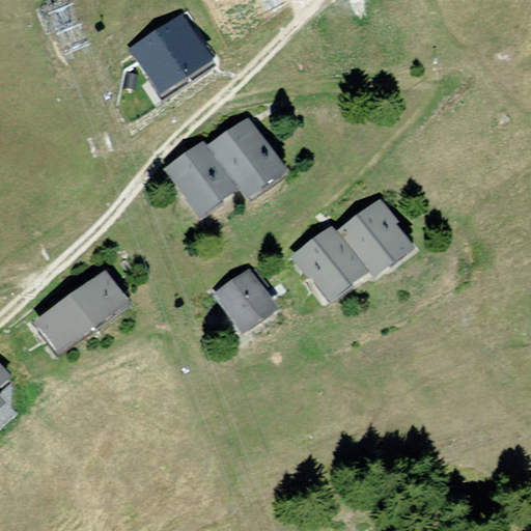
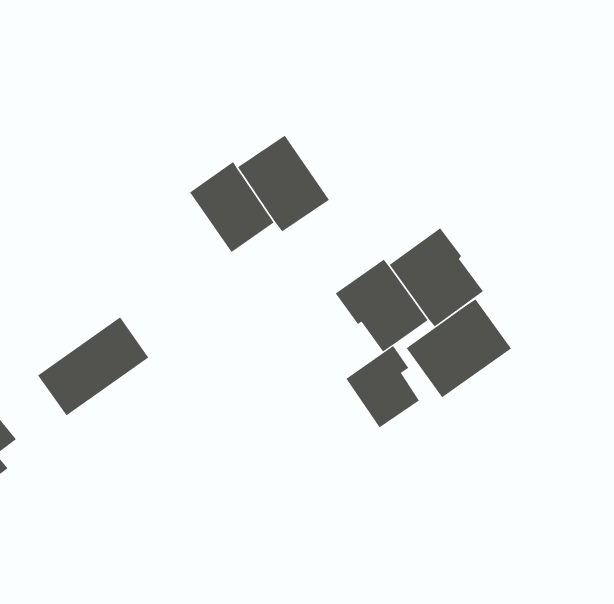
building: [128,10,214,95] -> none
building: none -> [406,299,512,398]
building: [212,259,276,331] -> [345,345,420,428]

